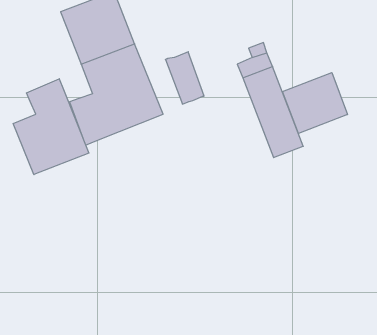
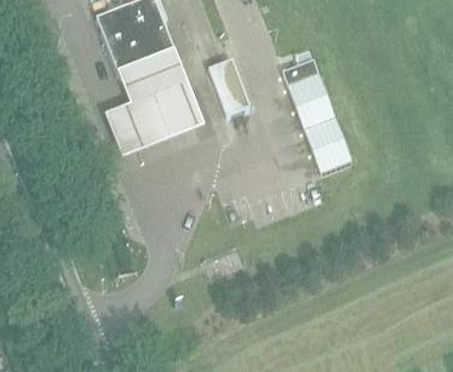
building: [283,73,347,133] -> none
building: [13,79,89,175] -> none

